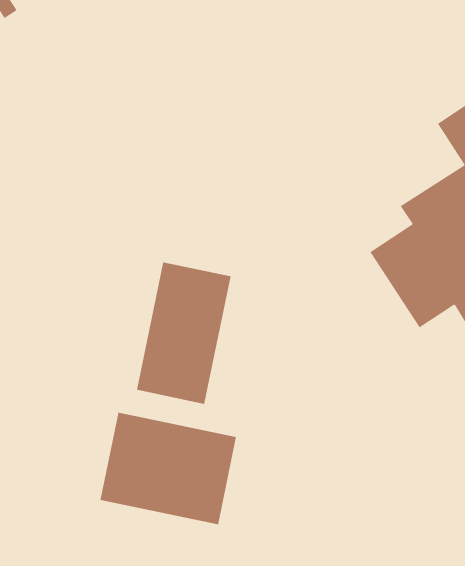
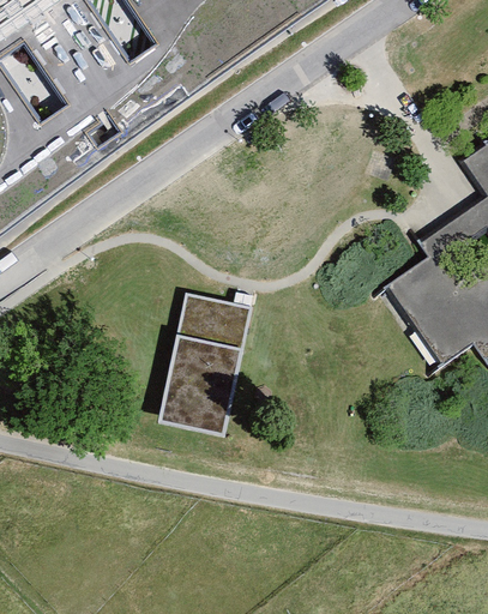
building: [100,412,237,525] -> none

